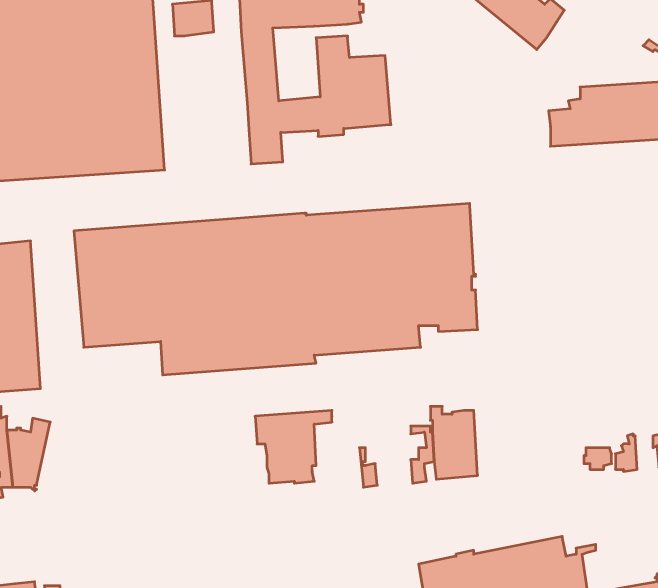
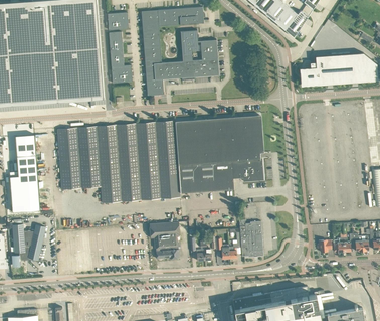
building: none -> [109,32,133,84]

